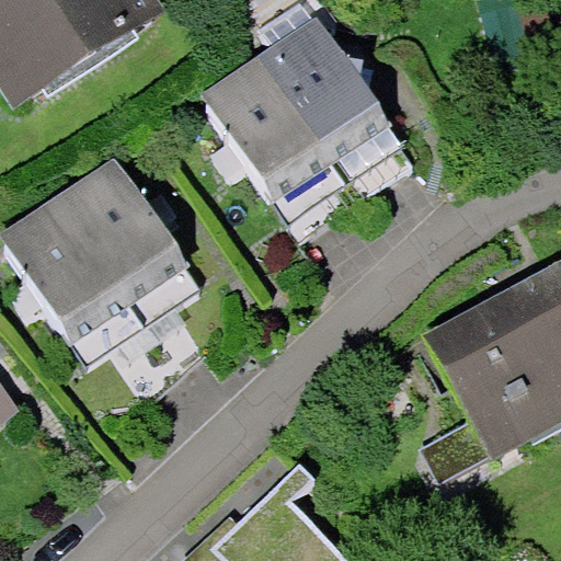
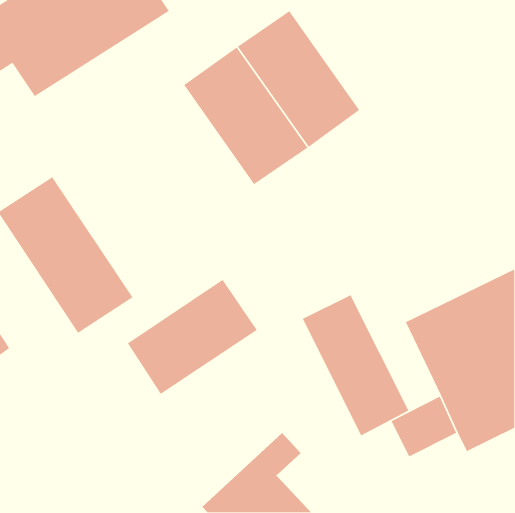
building: [57,153,201,322] -> none
building: none -> [127,279,258,395]
building: none -> [302,294,409,437]

